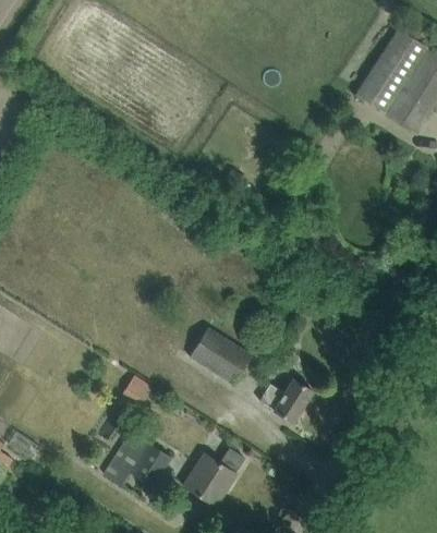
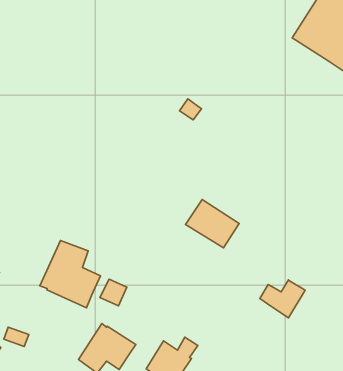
building: [189,327,252,384] -> [186,200,239,248]
building: none -> [40,241,100,308]
building: [259,378,313,423] -> [260,280,305,318]

